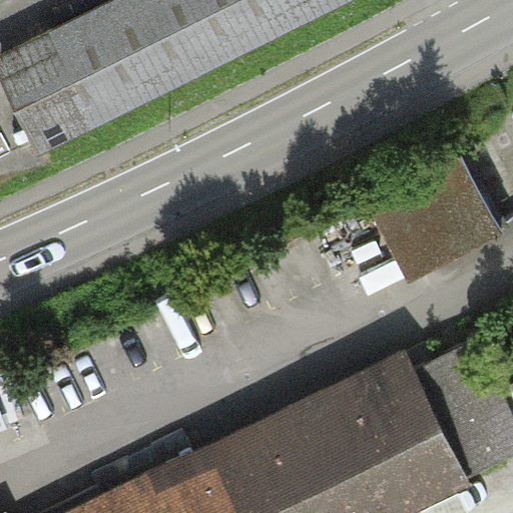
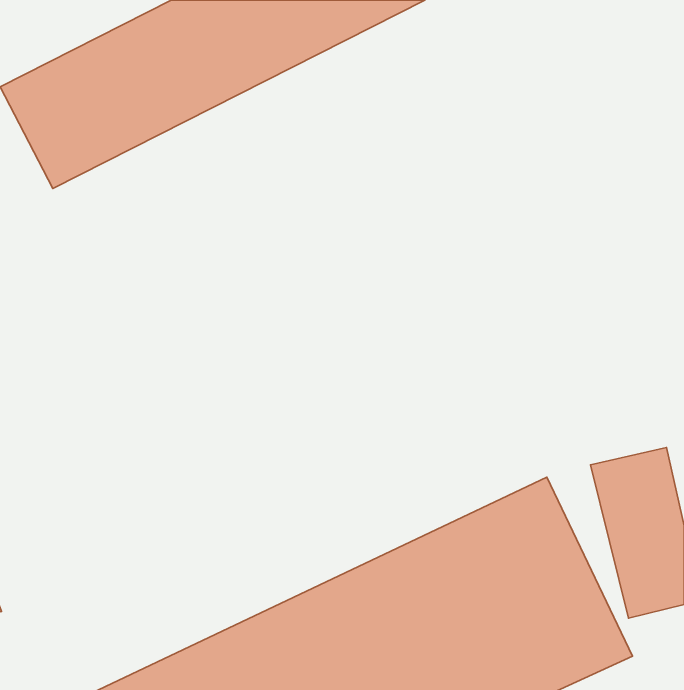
building: [369,159,501,281] -> none

